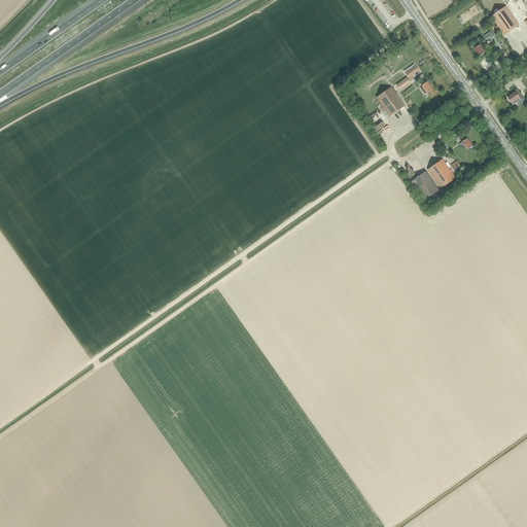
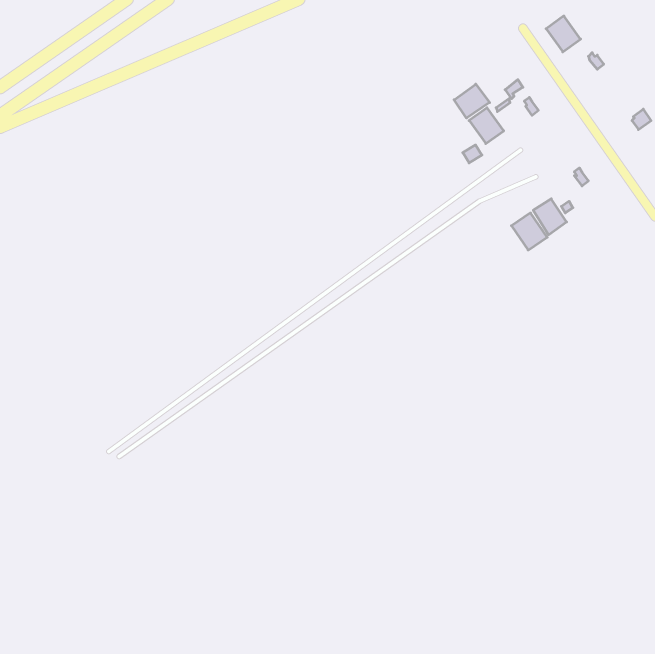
building: [491,6,519,35] -> [546,16,581,52]
building: none -> [454,84,490,118]

